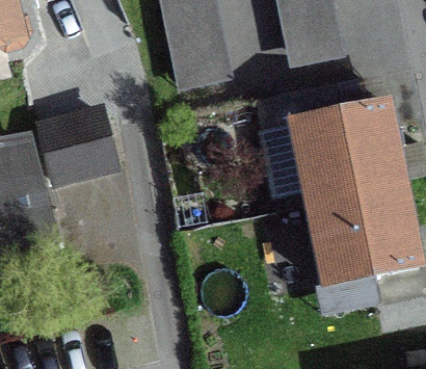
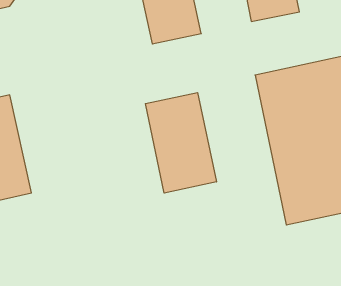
building: [38,106,117,182] -> none
building: none -> [145,93,216,193]

